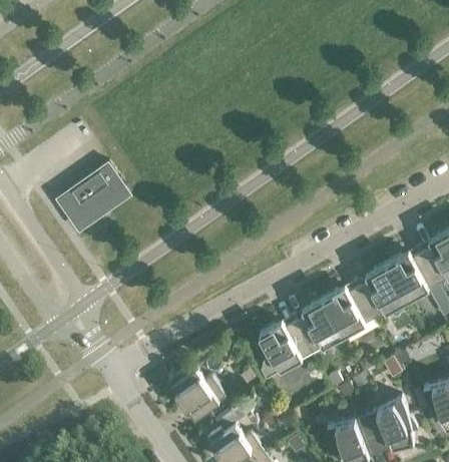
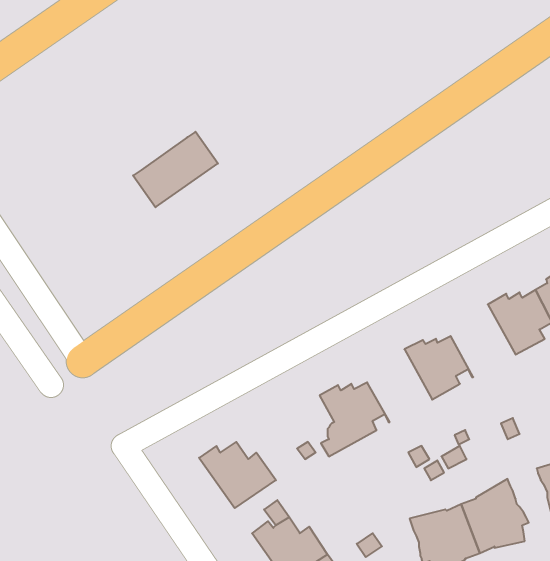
building: [60,163,124,220] -> [133,132,218,207]
building: [358,265,407,320] -> none
building: [295,299,344,354] -> none

